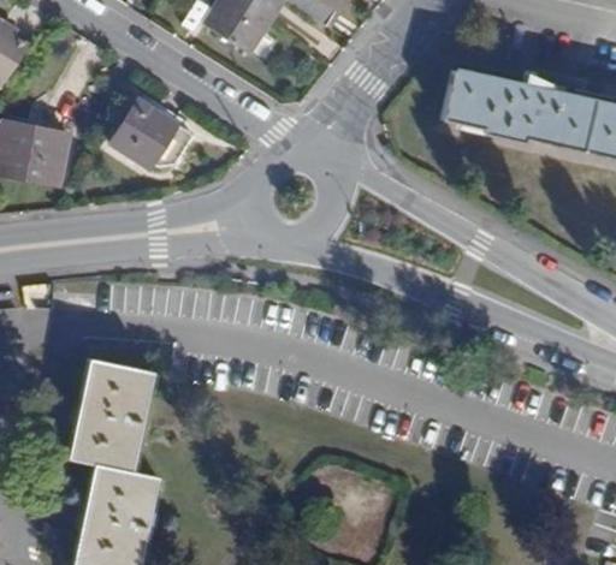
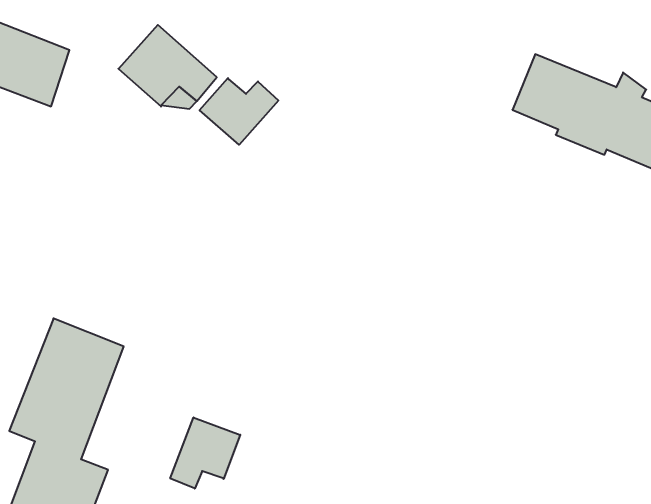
building: none -> [200,78,278,145]
building: none -> [170,417,240,489]

